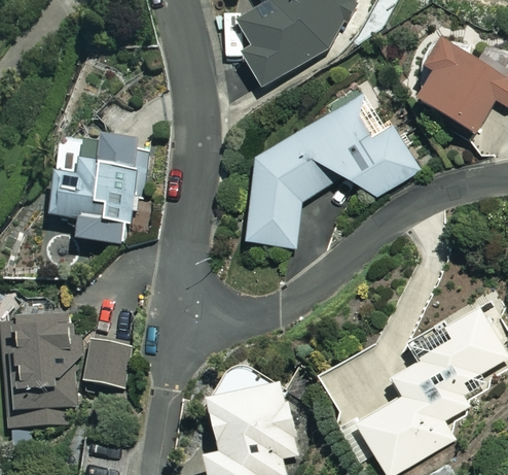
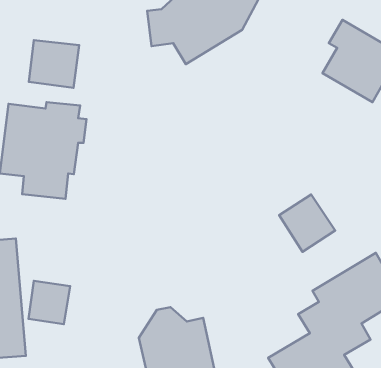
building: none -> [29,40,79,88]
building: [245,100,420,249] -> none
building: none -> [279,195,335,252]

